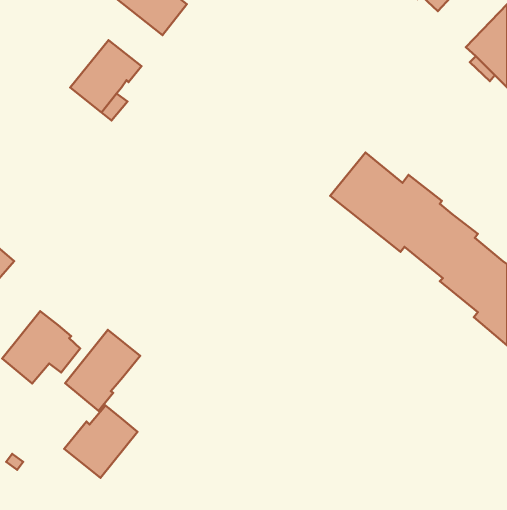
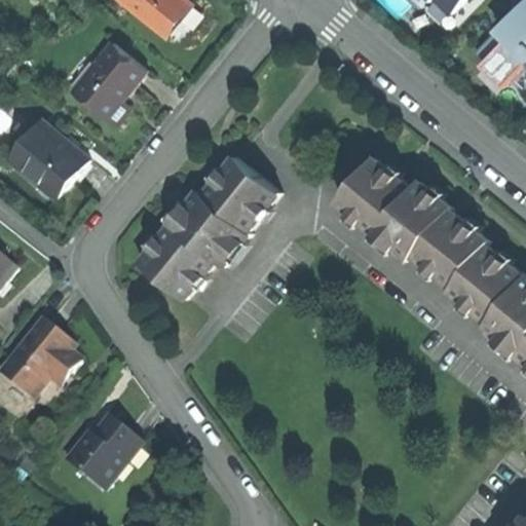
building: none -> [7,119,87,197]
building: none -> [139,155,278,297]
building: [65,330,140,411] -> none

